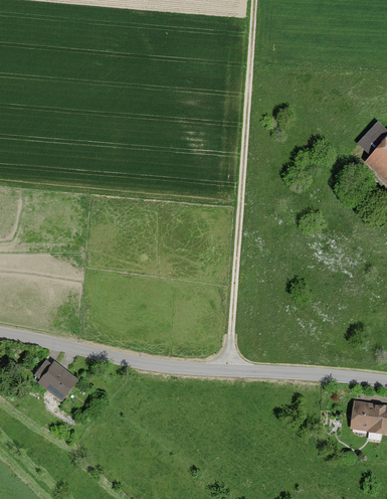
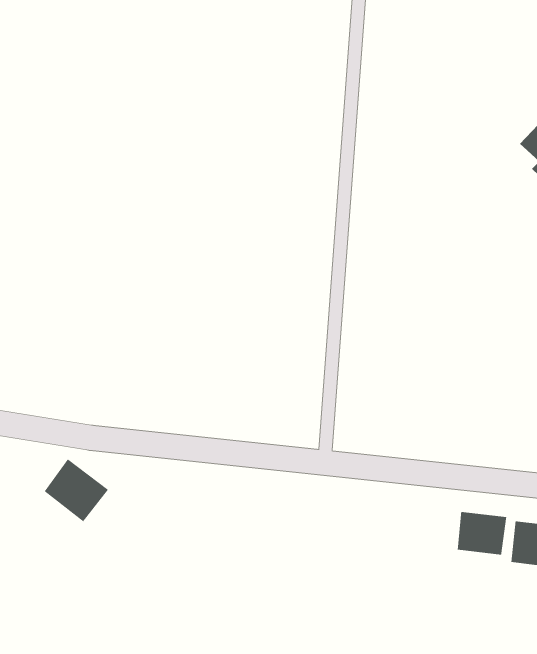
building: none -> [457,511,507,556]

